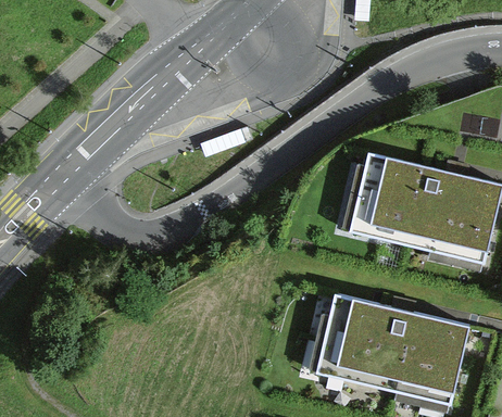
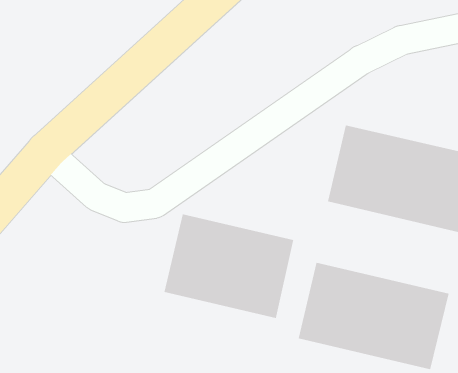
building: none -> [164,213,294,319]

